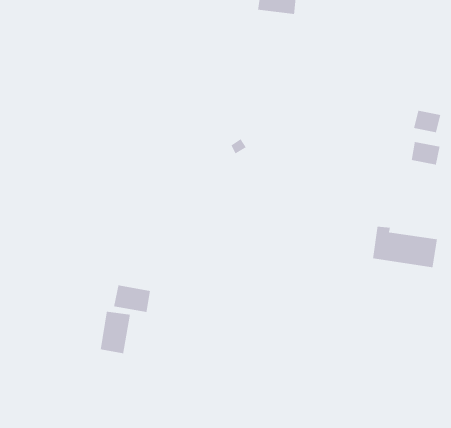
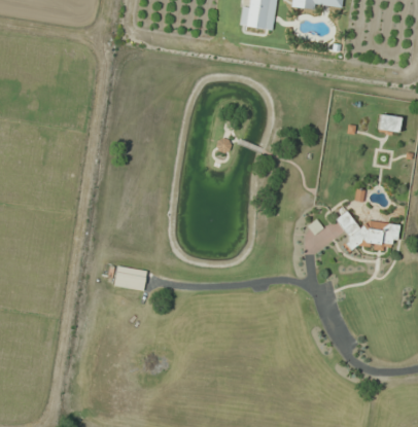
building: [411,141,441,166] -> none
building: [100,311,131,354] -> none

